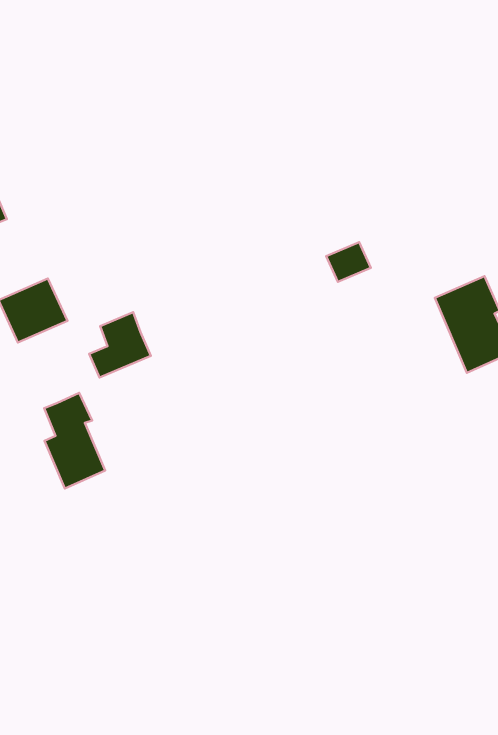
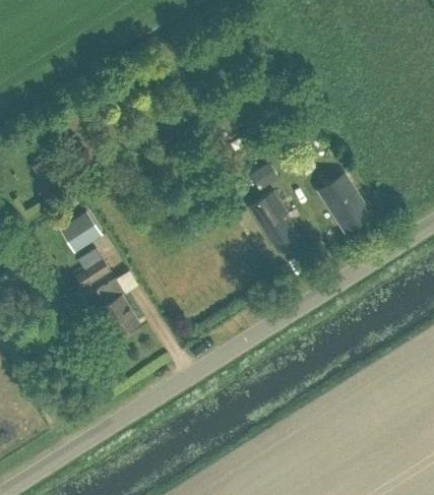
building: none -> [249,191,297,252]
building: [89,312,151,377] -> [73,247,110,289]

